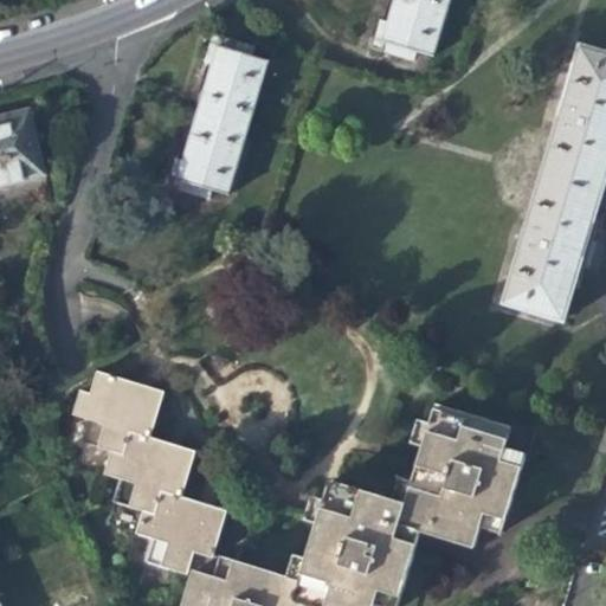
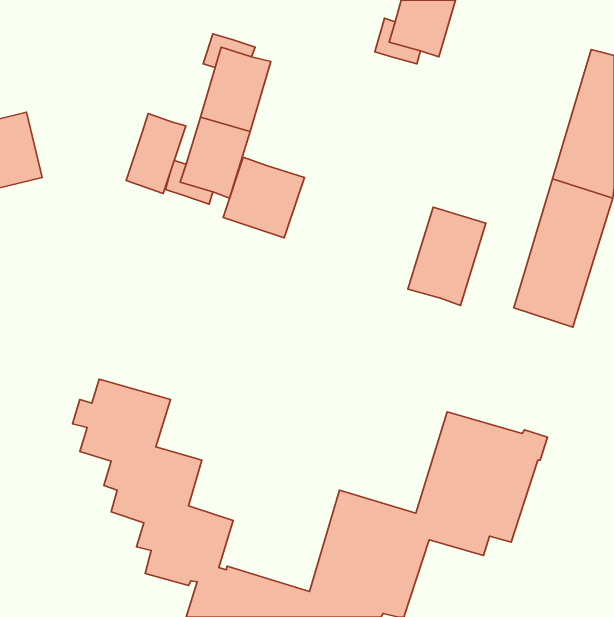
building: none -> [126,114,186,194]
building: none -> [223,157,304,238]
building: none -> [408,207,486,305]

